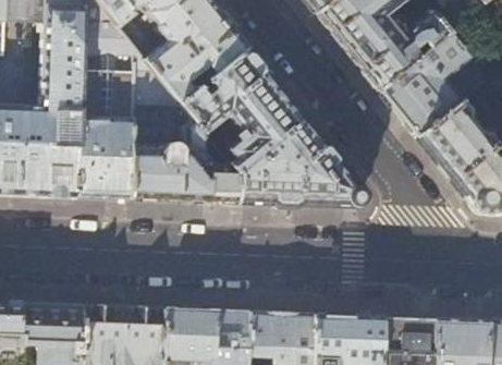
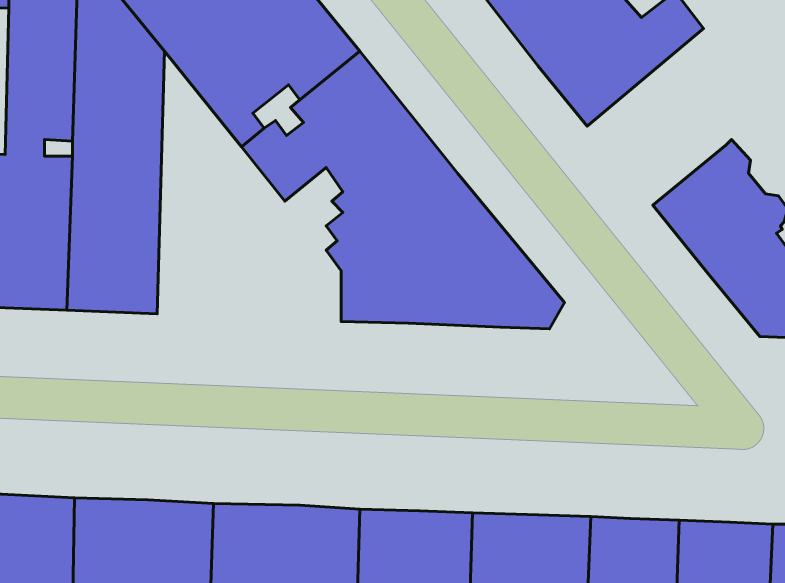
building: [377,32,478,134] -> none
building: [127,45,234,202] -> none

